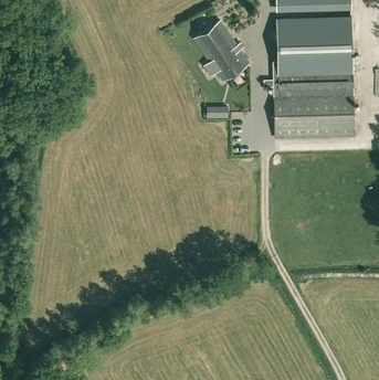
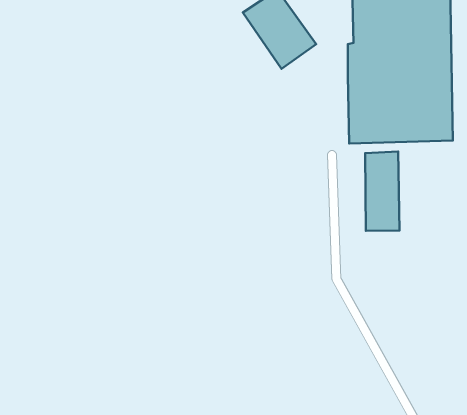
building: none -> [365,152,400,231]

